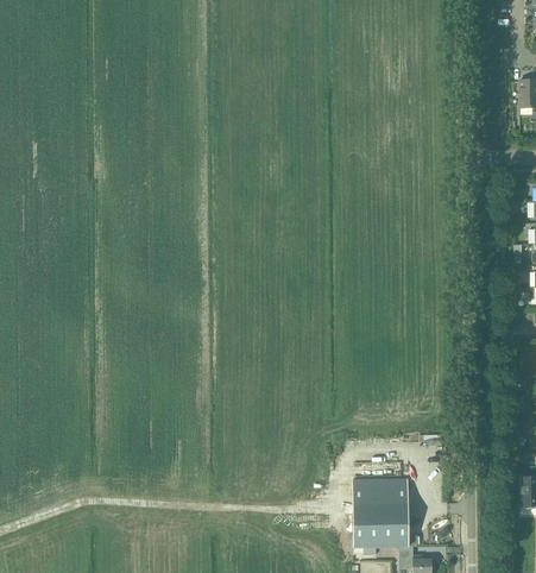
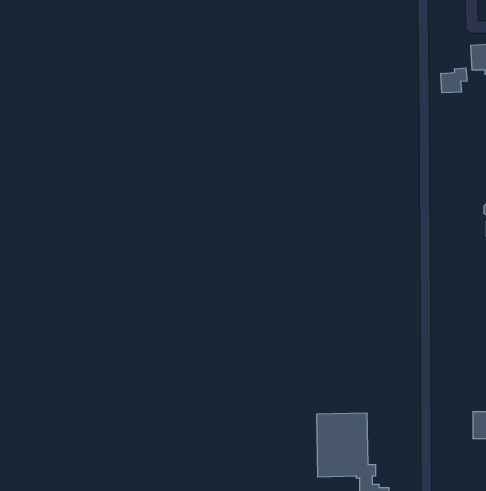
building: none -> [441,68,467,93]

